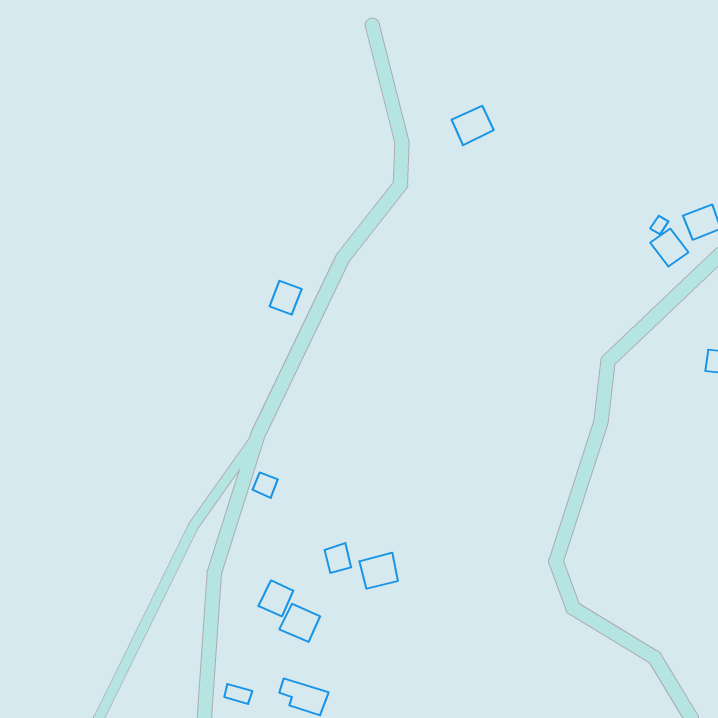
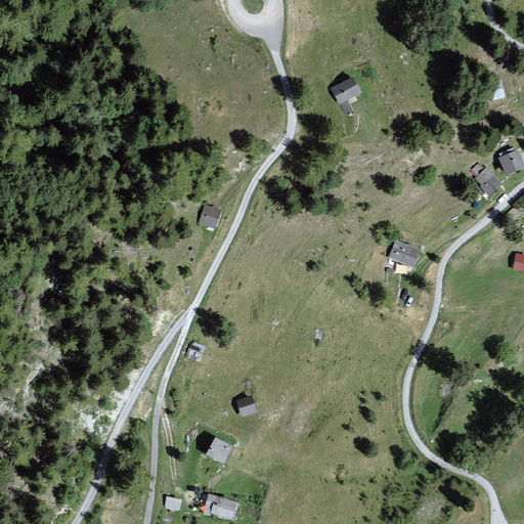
building: none -> [389,239,422,266]
building: [359,553,398,589] -> none
building: [258,580,293,616] -> none

